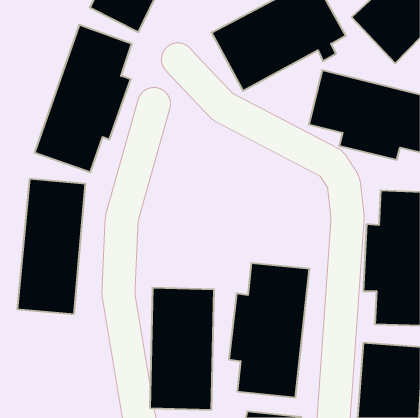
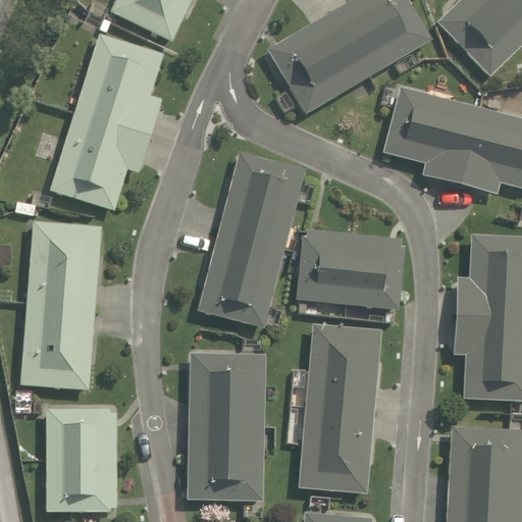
building: none -> [196,148,303,328]
building: none -> [301,226,408,310]
building: none -> [46,411,128,512]

